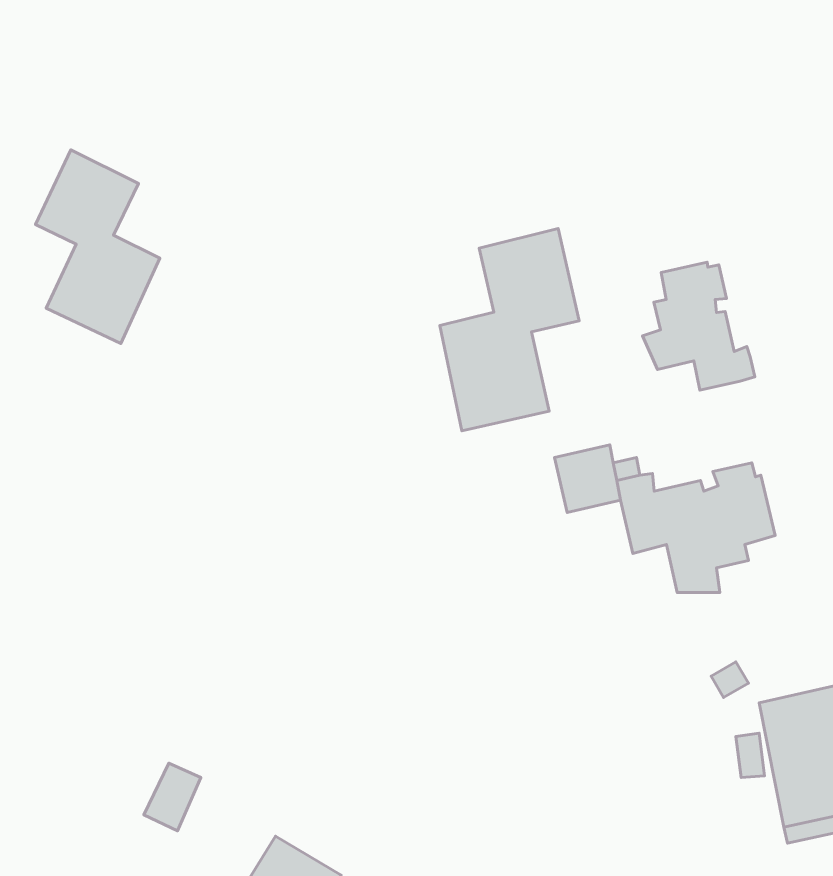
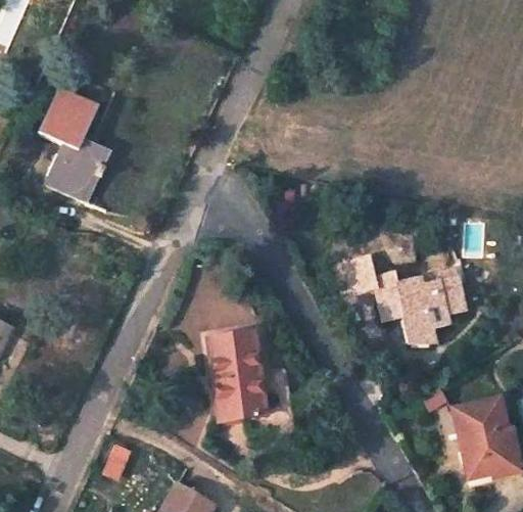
building: [440,229,579,431] -> none
building: [642,262,755,390] -> none
building: none -> [209,332,268,421]

